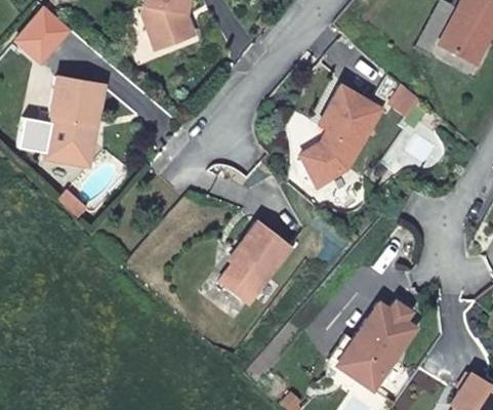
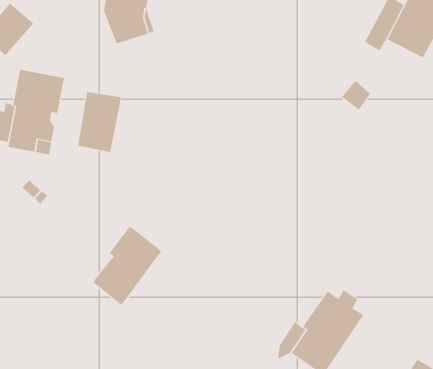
building: [299,87,382,188] -> none
building: none -> [78,91,121,153]
building: [218,221,291,304] -> [92,226,162,306]

